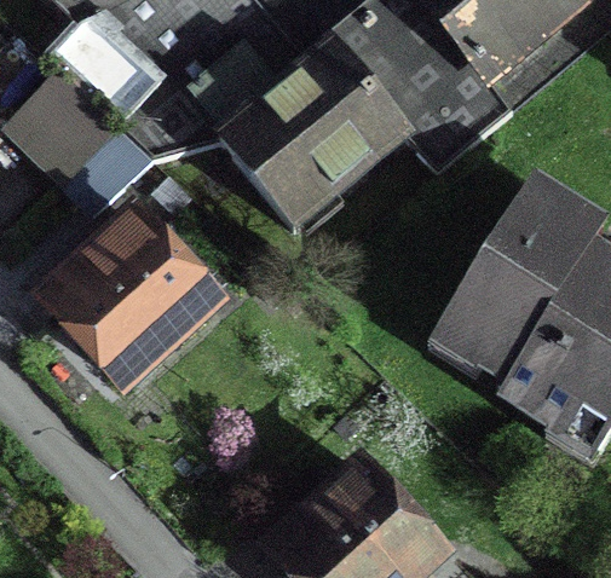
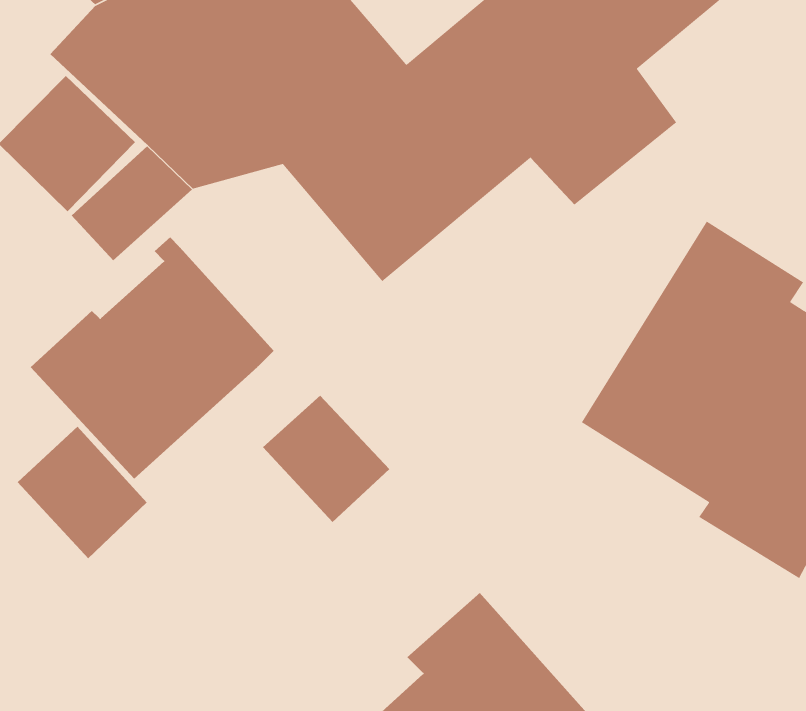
building: none -> [262,395,390,523]
building: none -> [17,426,147,559]

